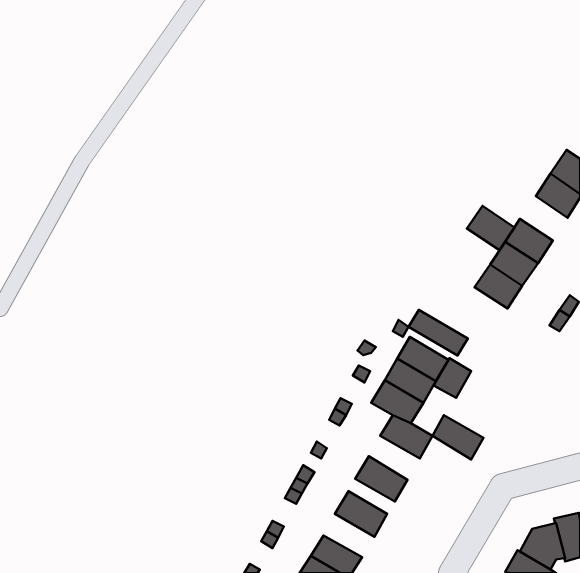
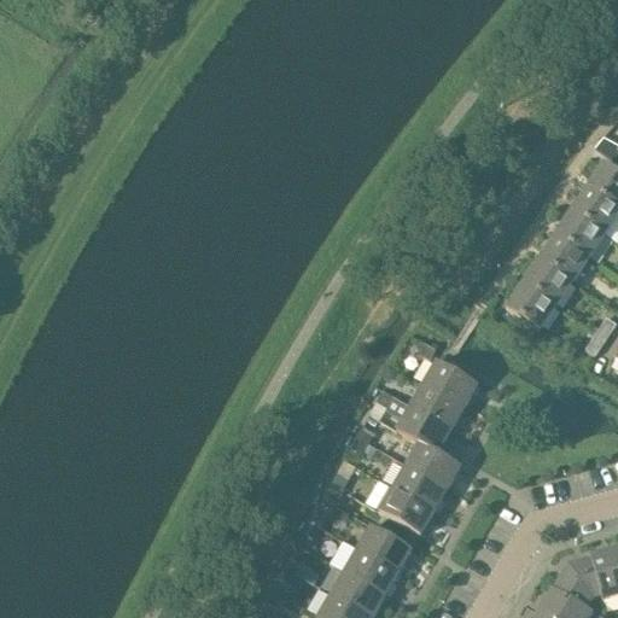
building: [467,206,514,250] -> [553,209,604,256]
building: [409,310,468,356] -> none
building: [433,358,471,398] -> none
building: [432,415,484,460] -> [392,464,447,511]
building: none -> [344,547,398,593]

